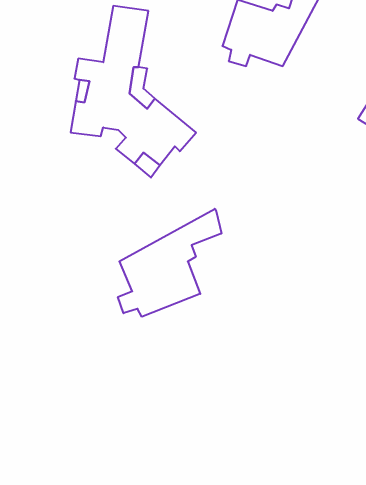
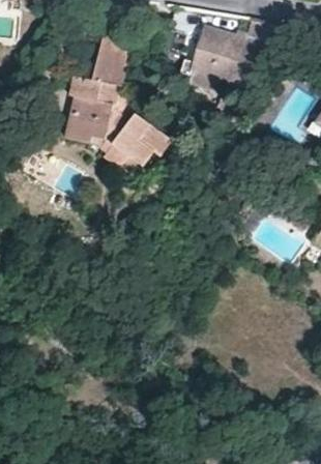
building: [118,209,221,317] -> none

